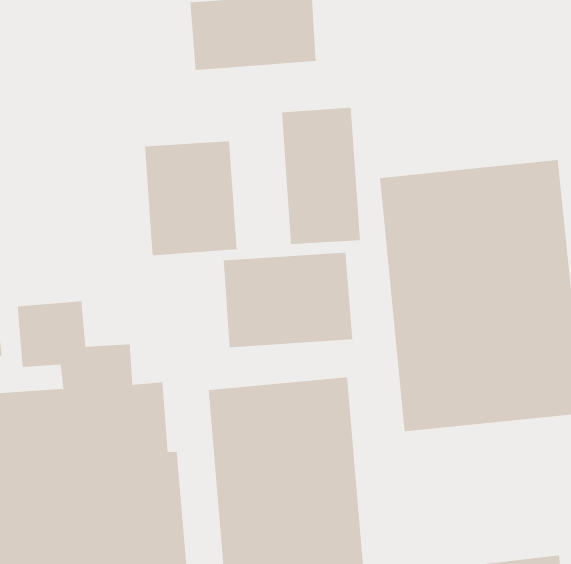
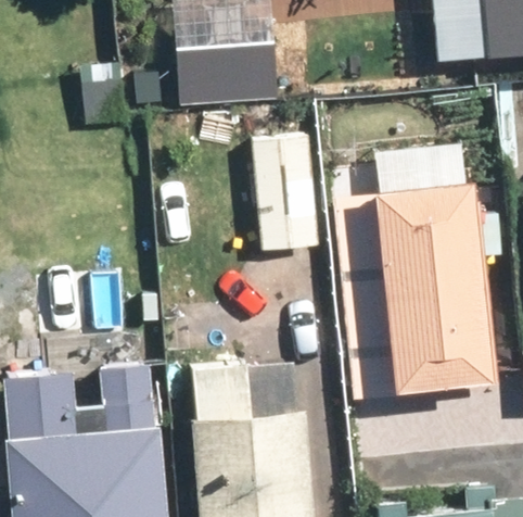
building: [144,140,237,256] -> none
building: [223,252,353,348] -> none

